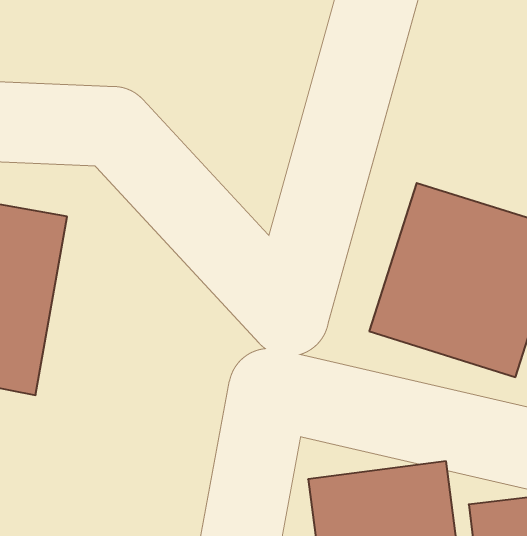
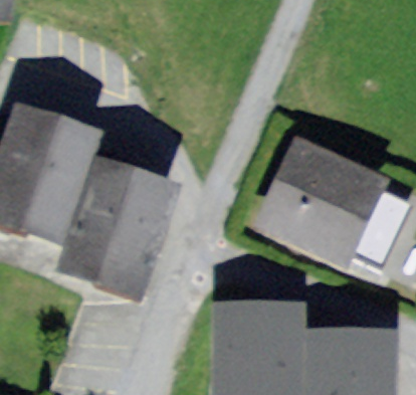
building: none -> [65,171,165,289]

